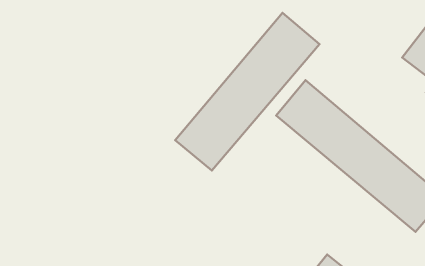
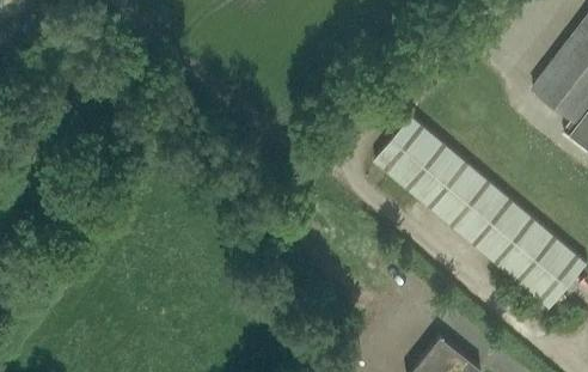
building: [175,13,319,170] -> none

